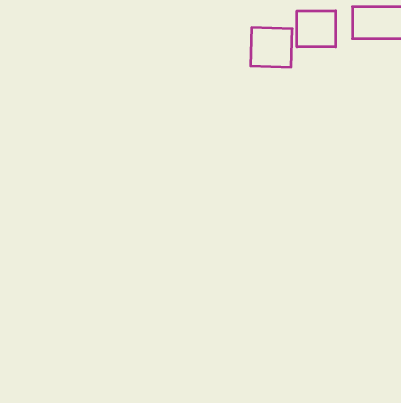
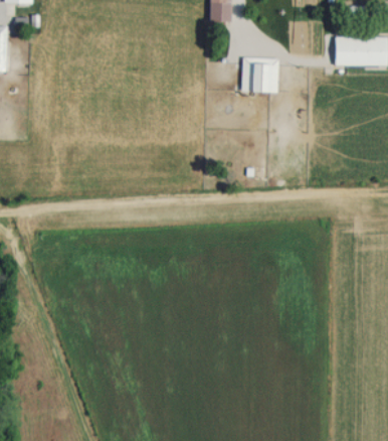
building: [297,11,336,47] -> none

